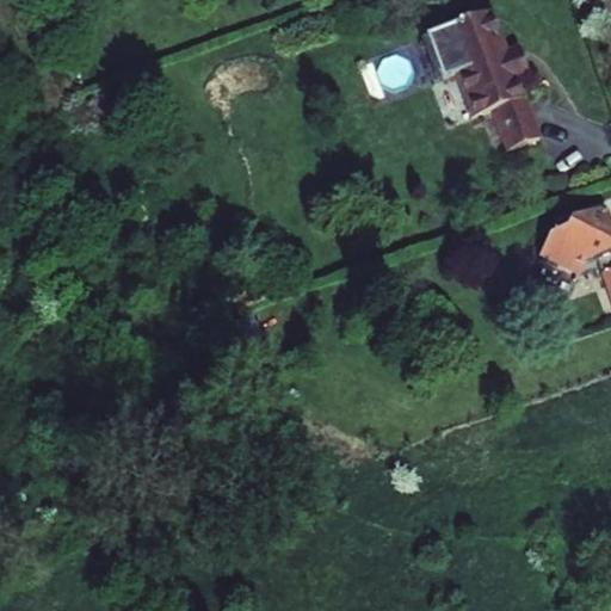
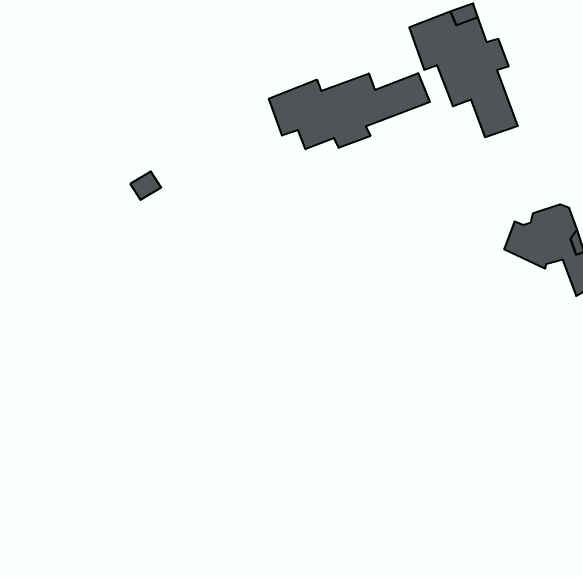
building: none -> [269,73,430,149]

